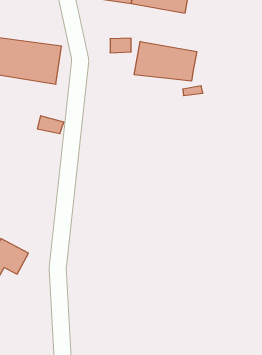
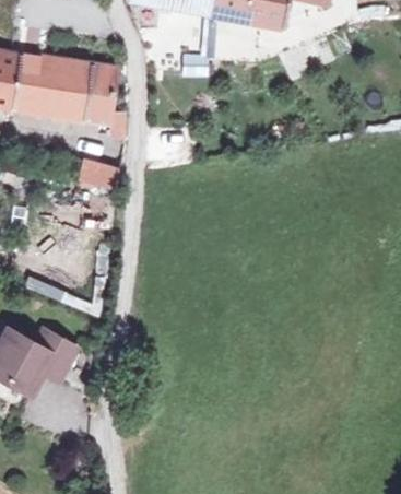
building: [134,41,197,81] -> none

